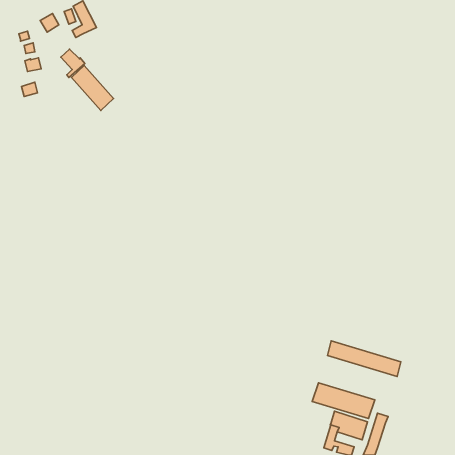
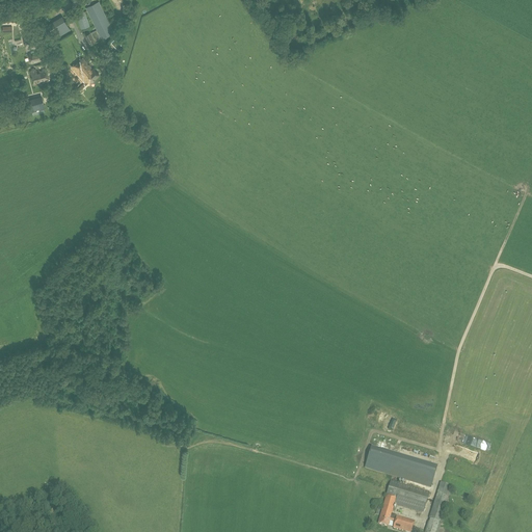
building: [71,66,113,110] -> none
building: [327,341,401,377] -> none

